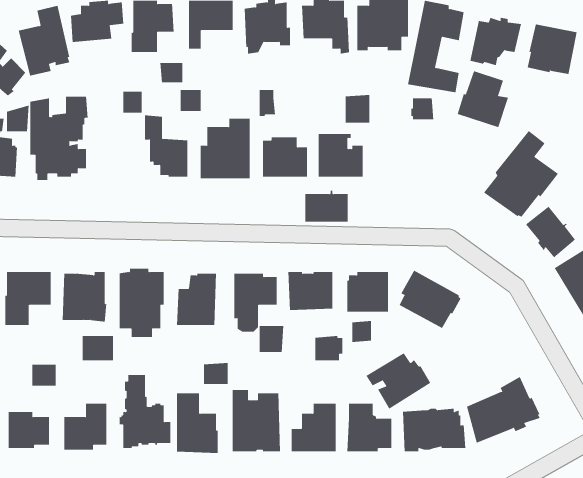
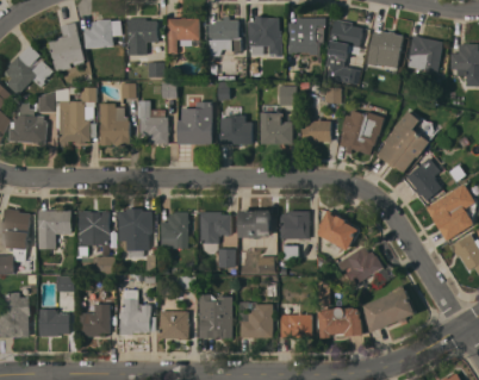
building: [457,70,509,128] -> [340,114,377,155]
building: none -> [100,104,130,147]
building: [305,190,348,222] -> [300,119,331,142]
building: [365,352,431,410] -> [337,247,384,287]

